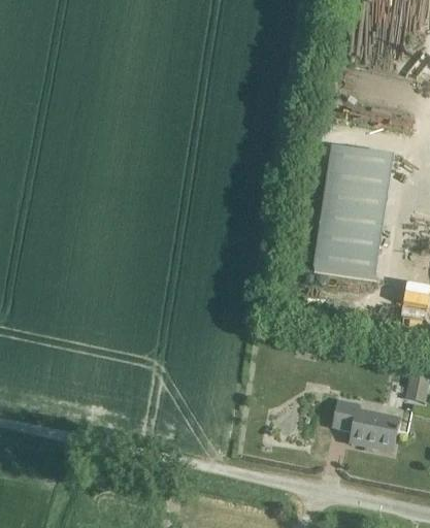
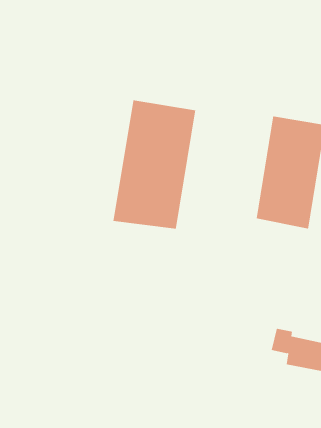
building: none -> [113,100,196,230]

